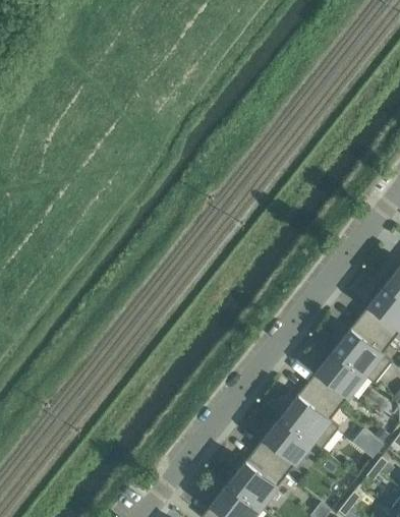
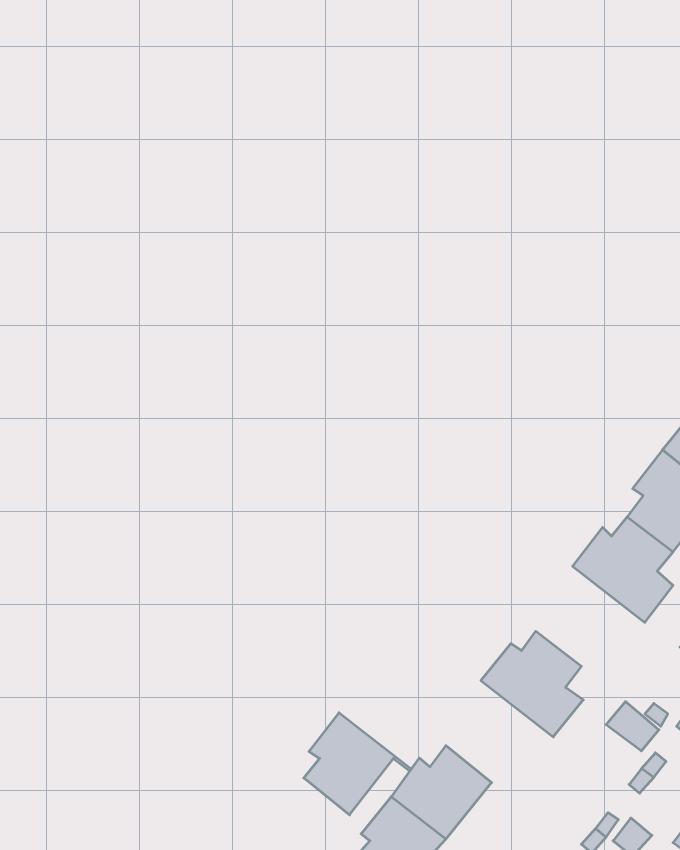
building: [311,350,375,408] -> none
building: [260,416,322,475] -> [304,713,411,815]

